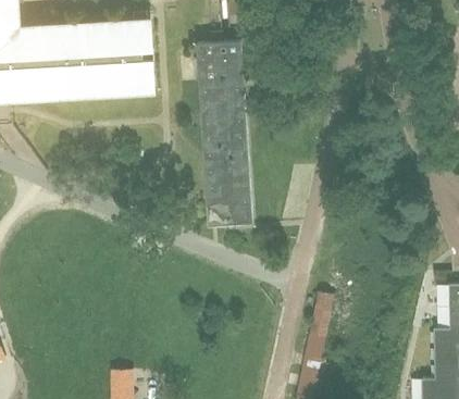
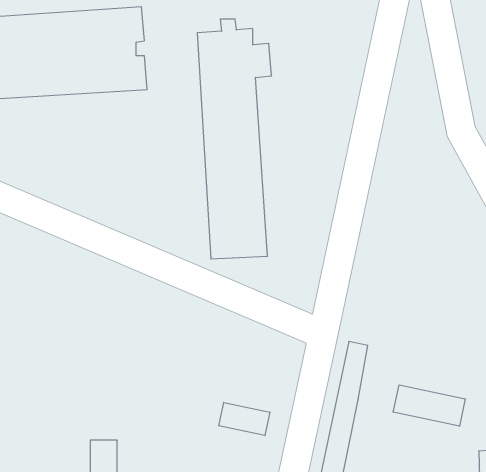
building: none -> [393,385,465,426]
building: none -> [219,402,270,436]

